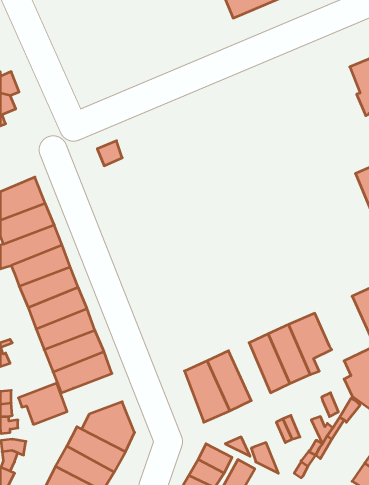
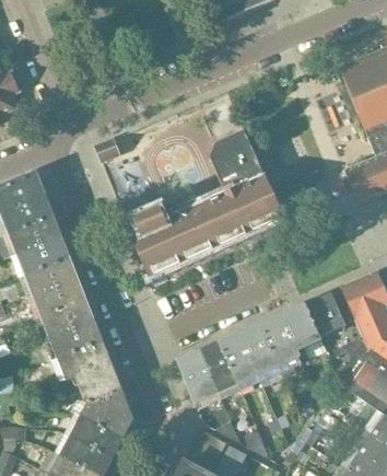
building: none -> [126,129,284,277]
building: none -> [306,291,347,335]
building: none -> [223,332,263,387]
building: [18,383,67,424] -> [73,361,120,400]

